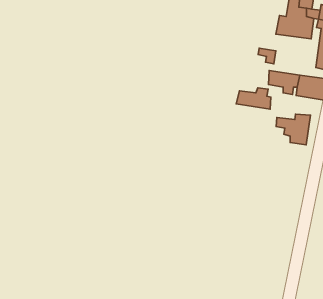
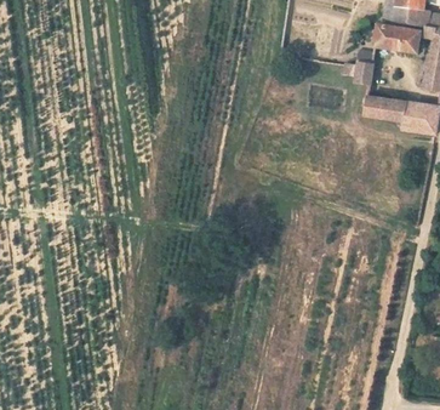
building: [236,88,271,109] -> none
building: [276,114,310,145] -> none

